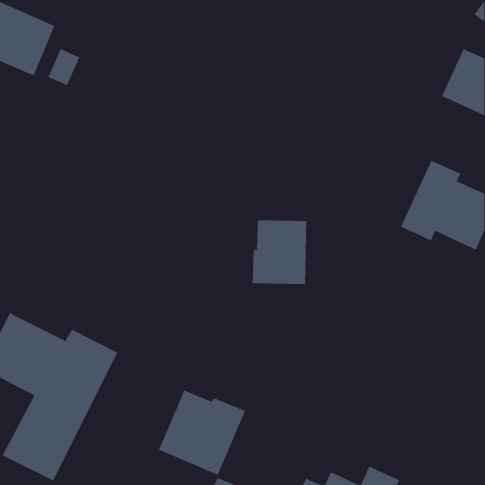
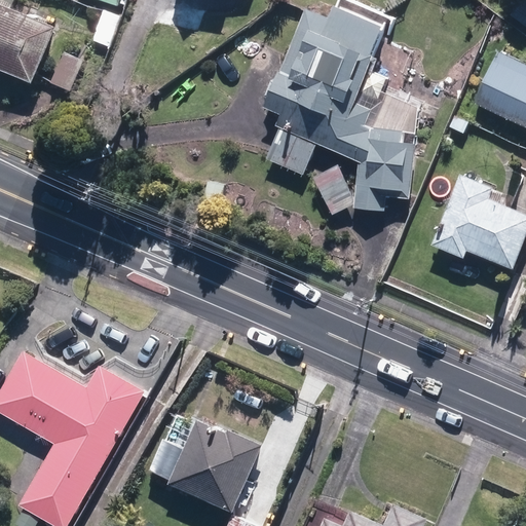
building: none -> [268,8,415,218]
building: [252,220,307,285] -> none

